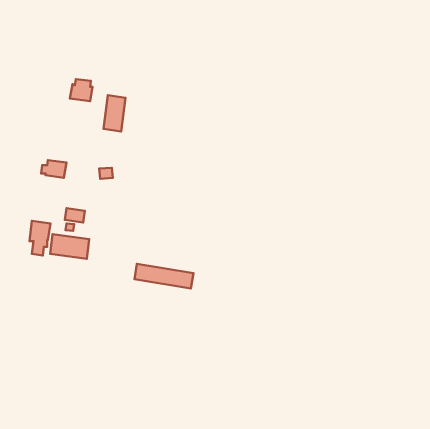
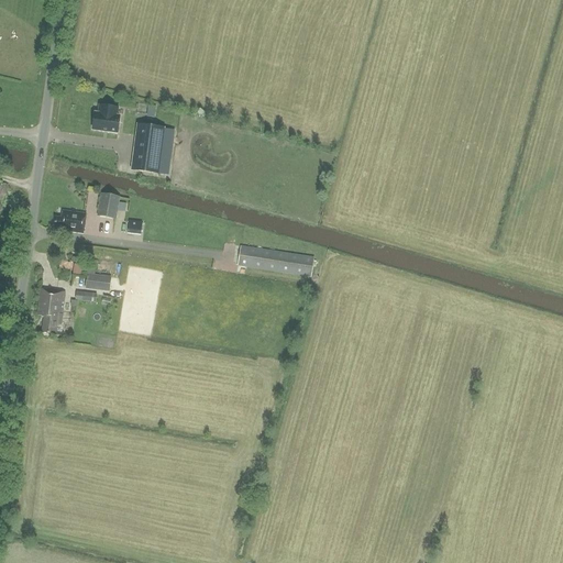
building: none -> [97,192,120,218]
building: [50,234,89,259] -> none
building: [134,264,193,288] -> [238,244,314,276]

